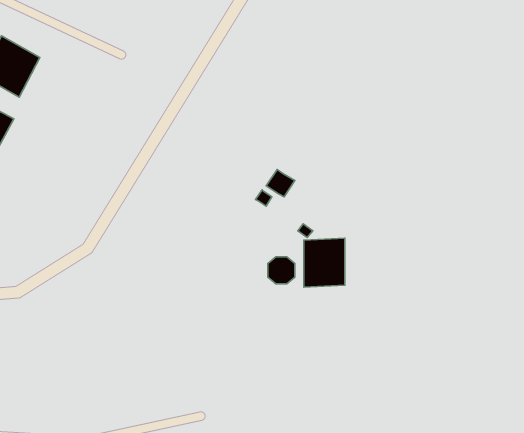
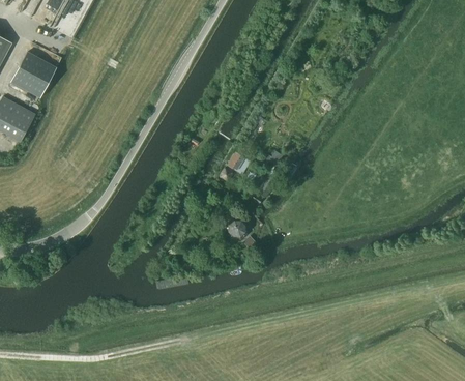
building: [304,238,345,287] -> none

